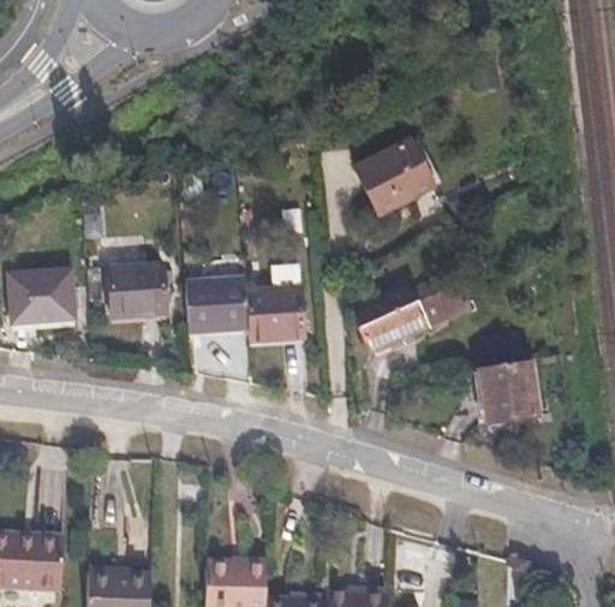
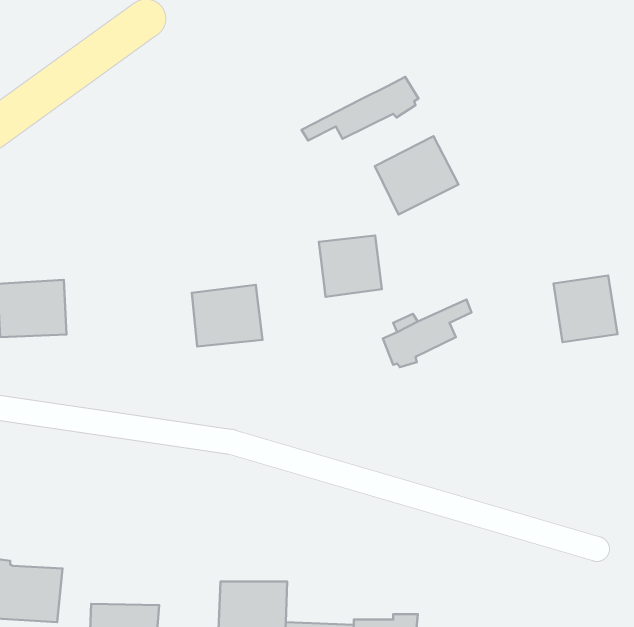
building: none -> [302,77,419,140]
building: [106,266,165,319] -> none
building: [245,284,303,340] -> [319,235,382,297]
building: [479,358,538,419] -> [553,275,617,342]

